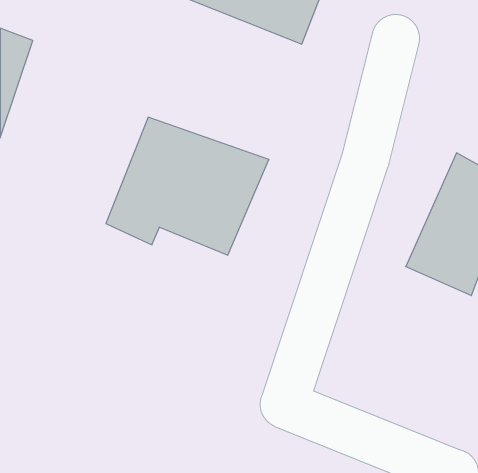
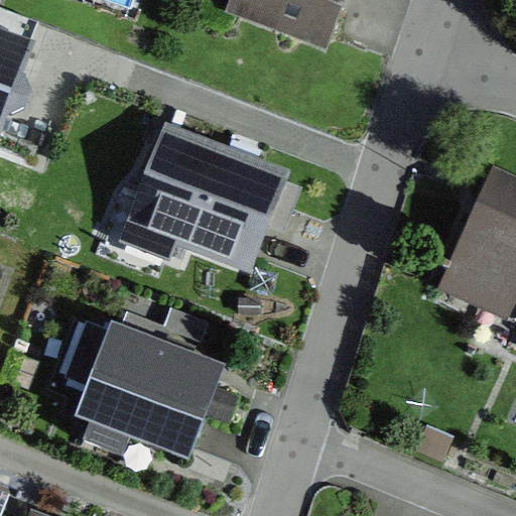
building: none -> [82,335,214,455]

